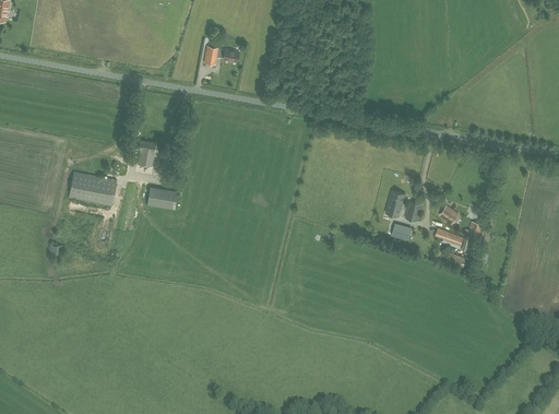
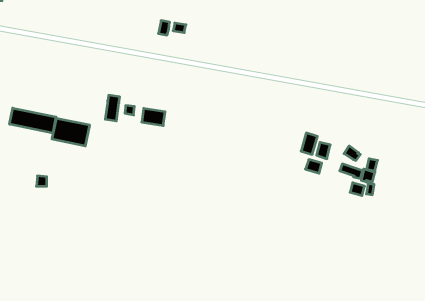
building: none -> [10,108,56,133]
building: [146,187,176,209] -> [142,108,165,126]

